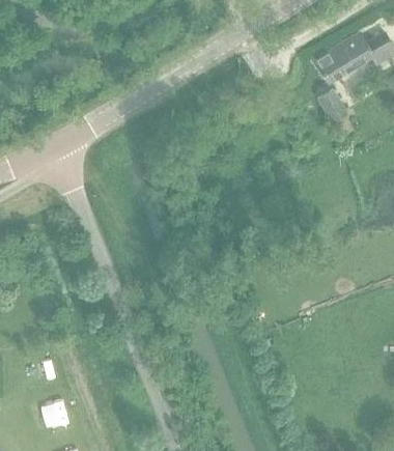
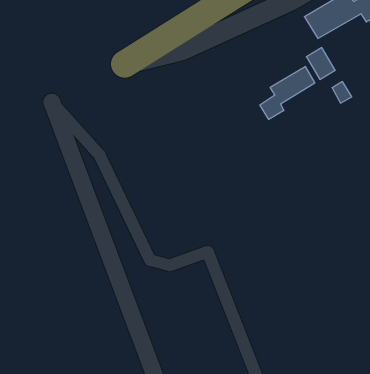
building: none -> [260,66,315,119]

